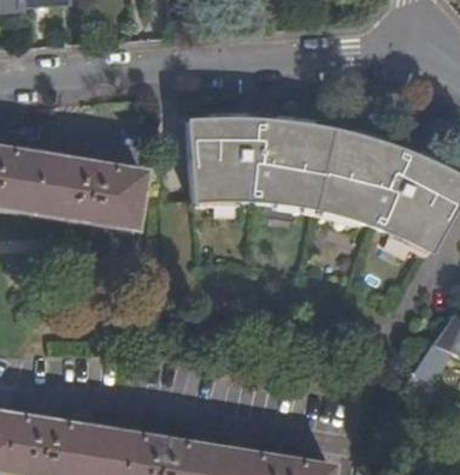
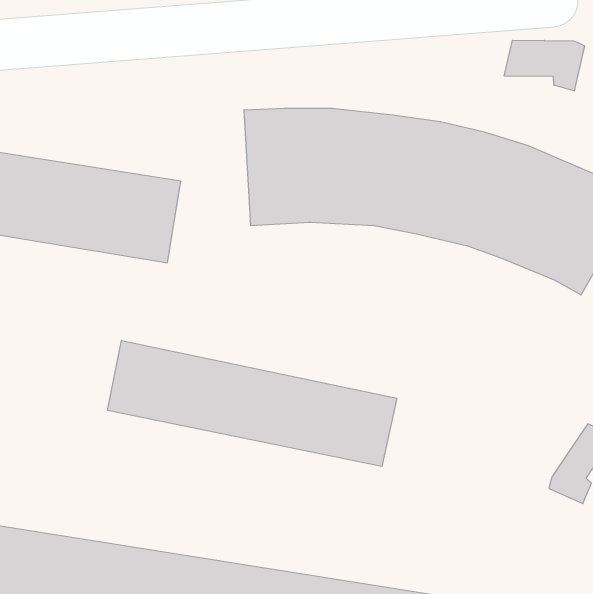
building: none -> [504,40,584,91]
building: none -> [108,340,397,466]

